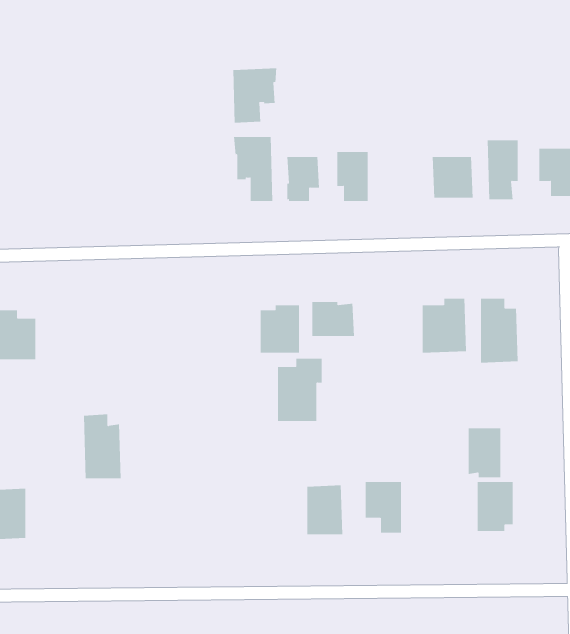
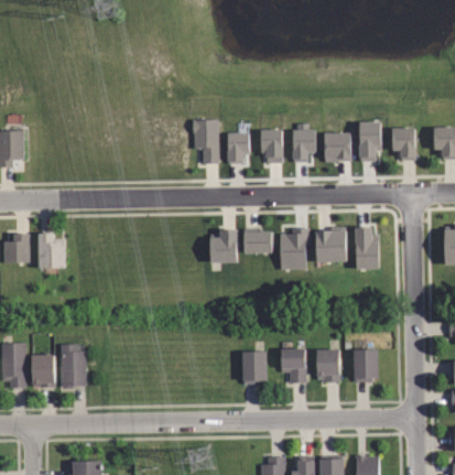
building: [233,67,277,123] -> none
building: none -> [293,123,316,162]
building: [277,358,322,421] -> [279,228,308,270]
building: [83,414,122,479] -> [62,344,87,387]
building: [468,428,501,478] -> [315,349,337,382]

